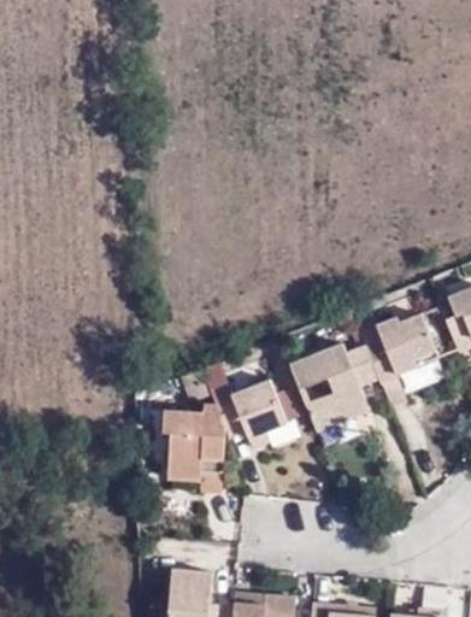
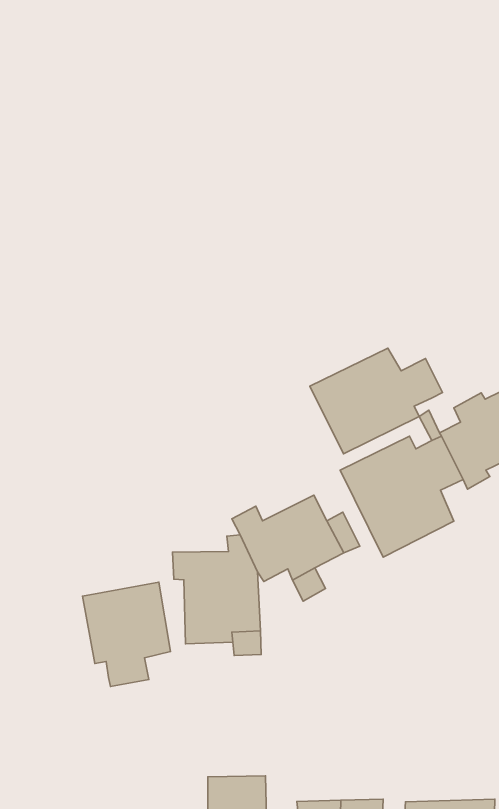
building: none -> [310,348,442,454]
building: none -> [82,582,171,687]

